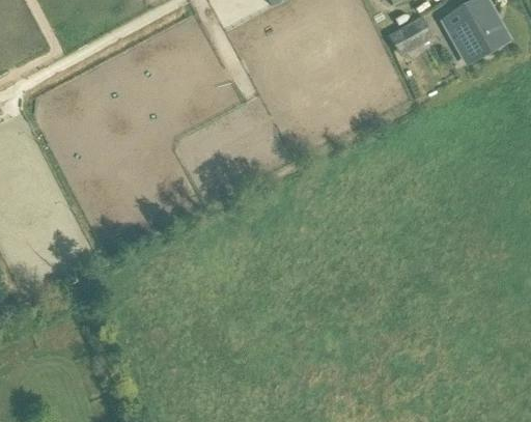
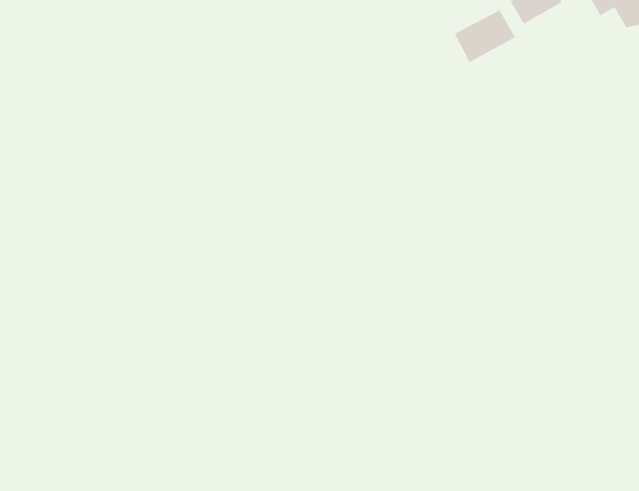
building: none -> [454,9,516,63]

